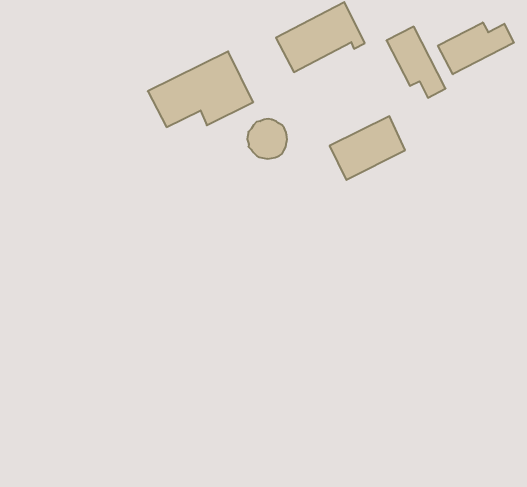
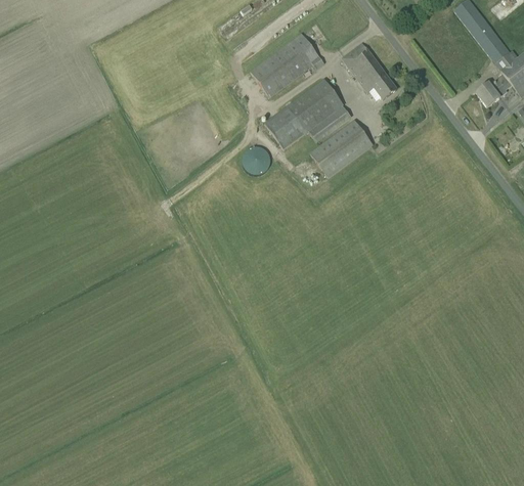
building: [438,22,514,74] -> none
building: [148,51,253,127] -> [263,78,351,148]

